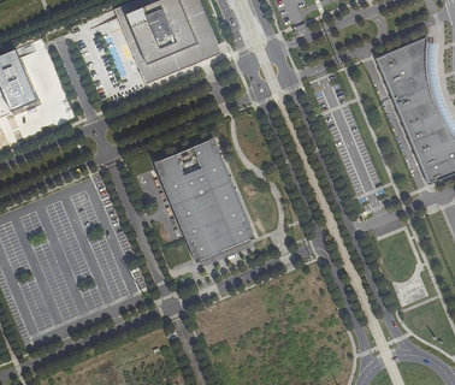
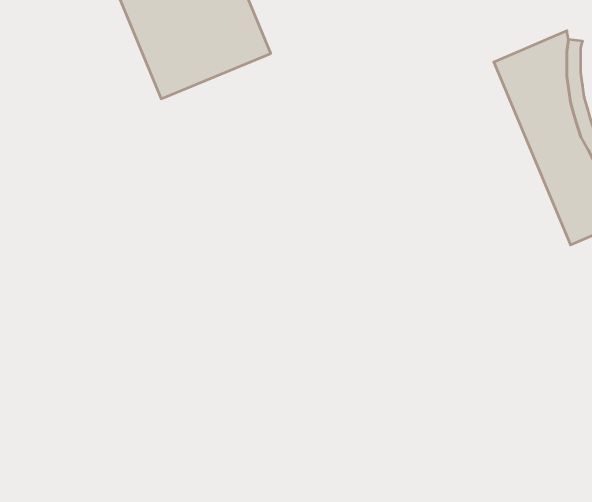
building: [154,137,255,262] -> none

